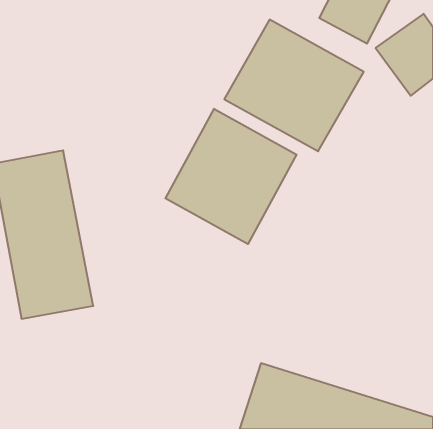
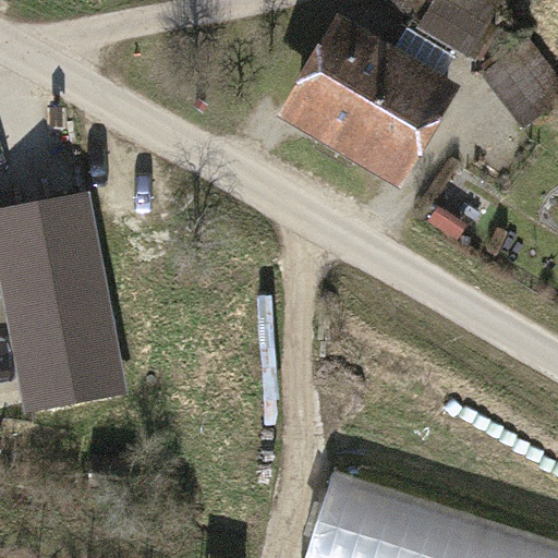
building: [165,109,297,244] -> none

